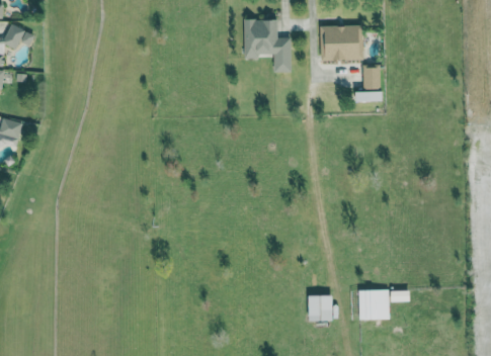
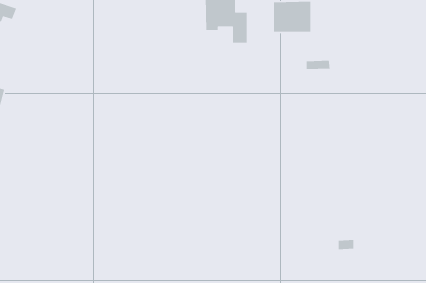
building: [362,64,380,88] -> none
building: [357,289,389,320] -> none
building: [308,294,332,321] -> none

